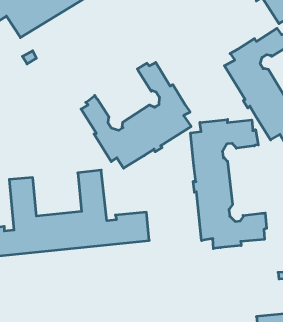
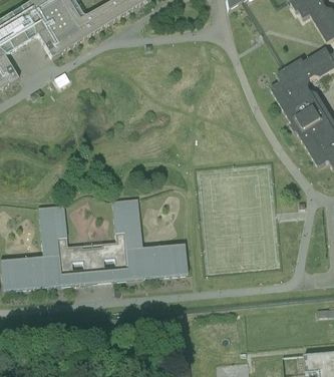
building: [81,62,191,168] -> none
building: [191,119,267,249] -> none

